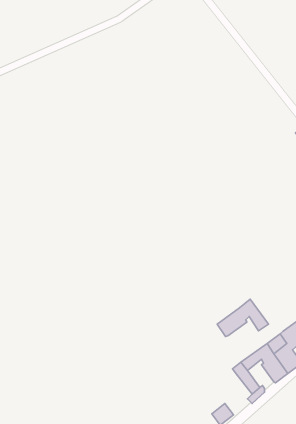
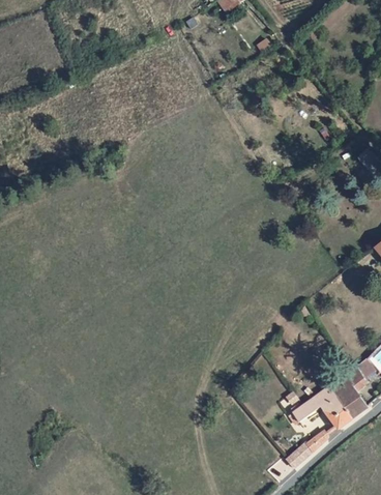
building: [217,299,268,336] -> none

